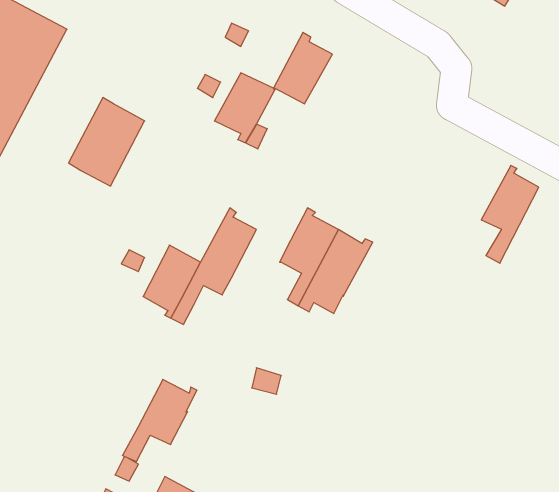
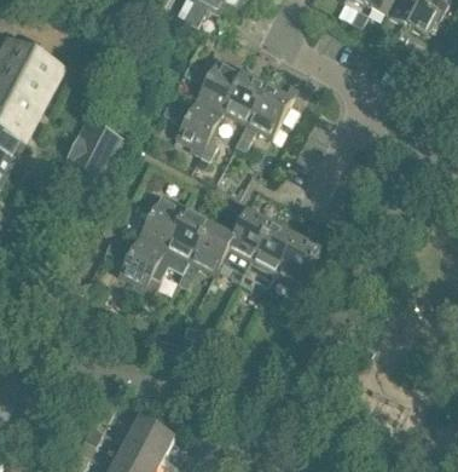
building: none -> [196,58,244,111]
building: none -> [234,85,294,149]
building: [481,165,539,263] -> [276,231,320,307]
building: none -> [140,196,187,247]
building: [122,379,197,462] -> [176,221,234,286]

